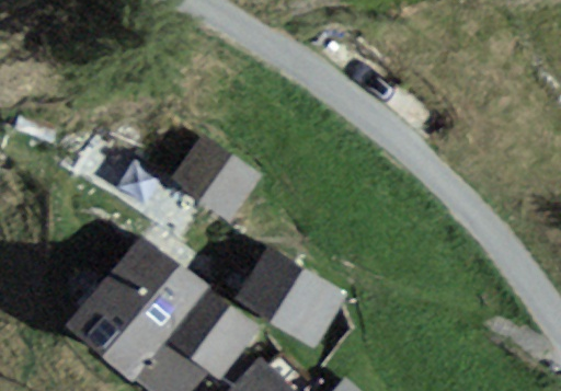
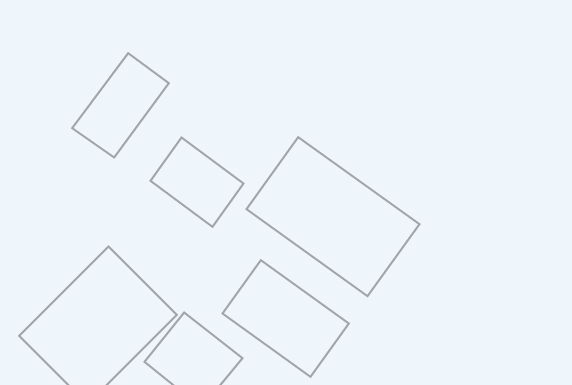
building: none -> [72,53,169,158]
building: none -> [247,137,419,296]

